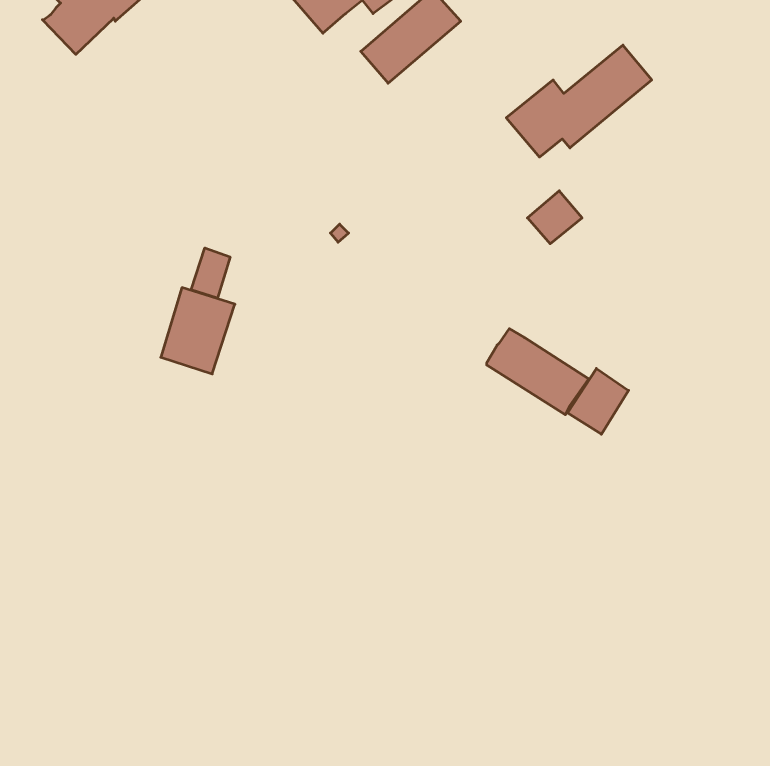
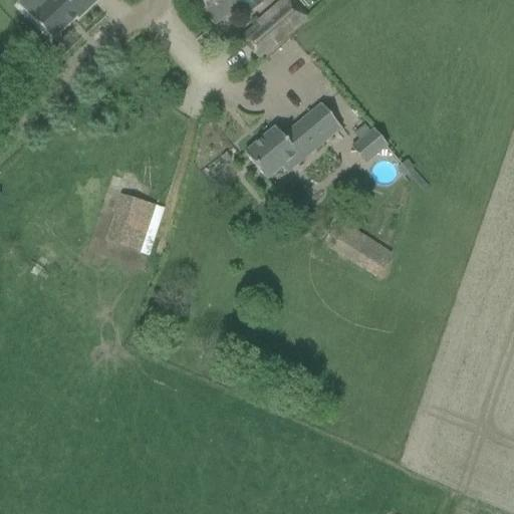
building: [506,45,652,157] -> [246,101,342,176]
building: [191,248,230,298] -> none
building: [567,368,629,434] -> none

